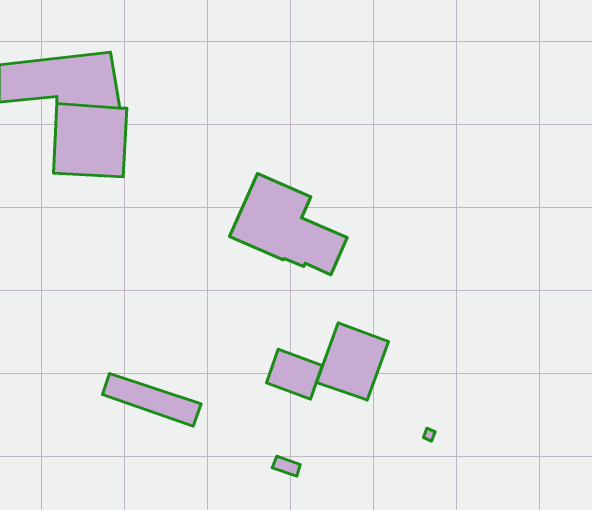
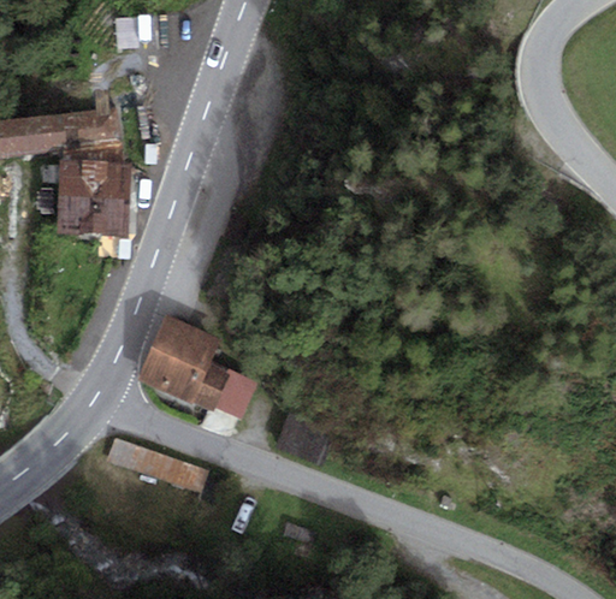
building: [230,173,347,275] -> [136,314,257,419]
building: [316,323,389,400] -> none

